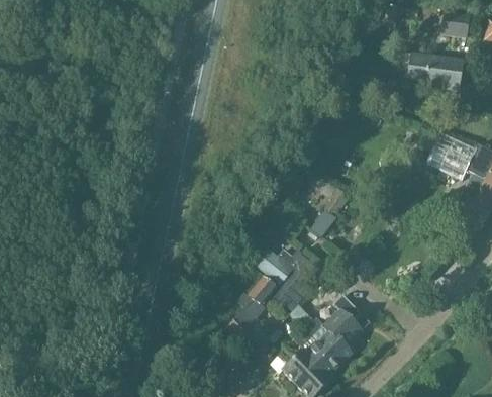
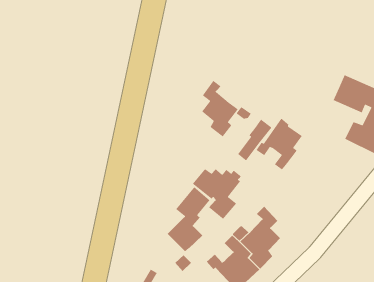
building: [407,54,462,90] -> none
building: none -> [201,80,239,137]
building: none -> [256,118,303,171]

